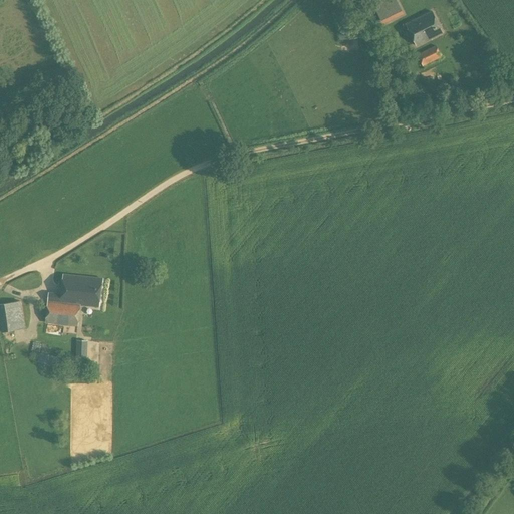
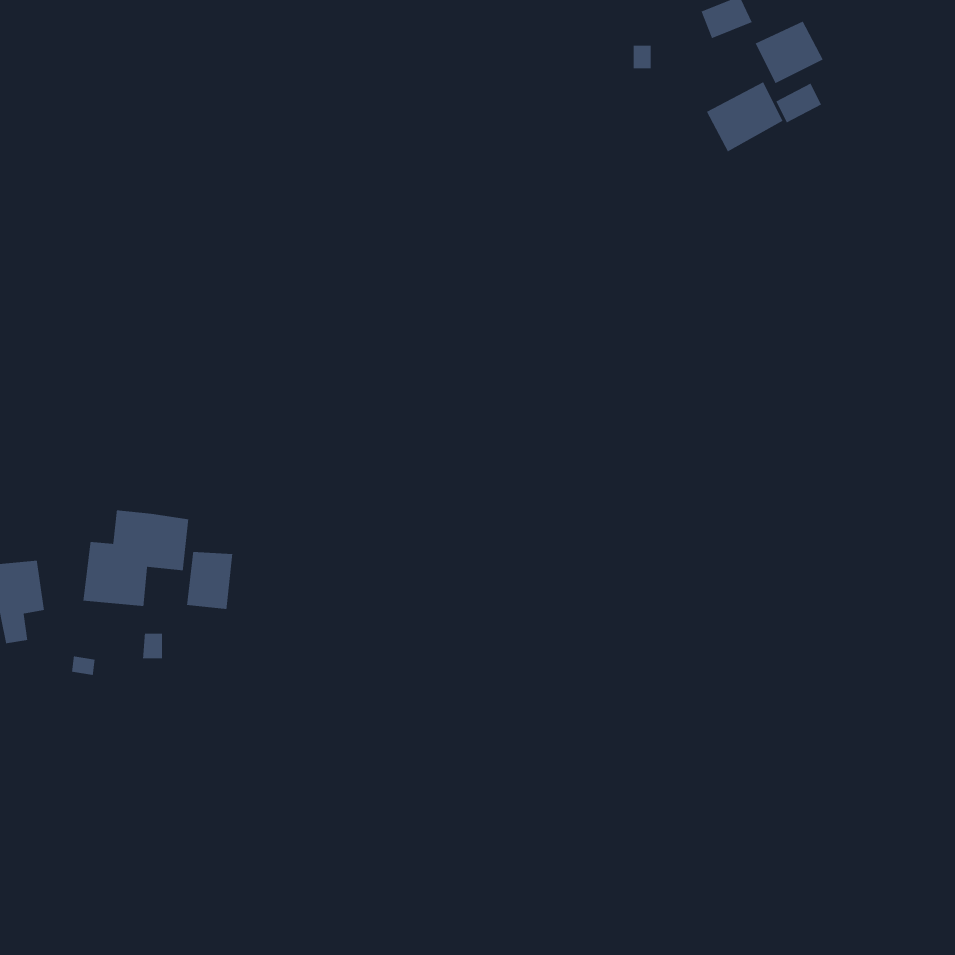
building: none -> [706,81,784,153]
building: none -> [186,551,233,610]

